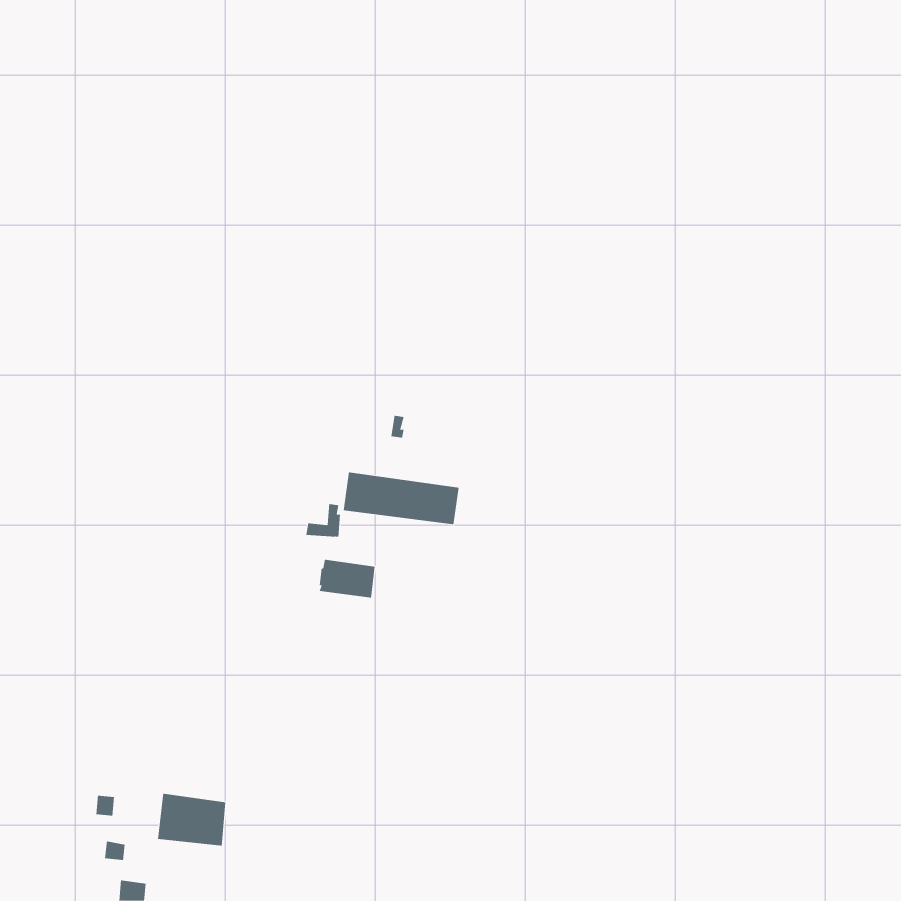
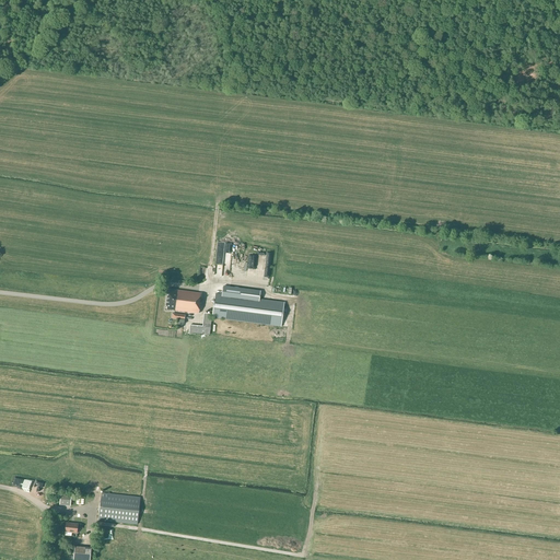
building: [319,559,375,598] -> [167,288,202,312]

